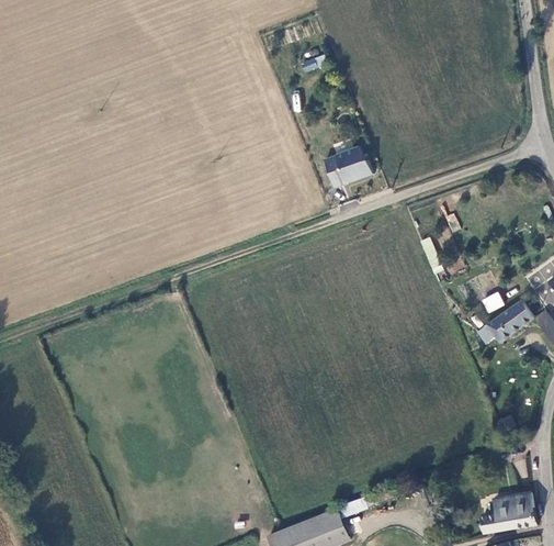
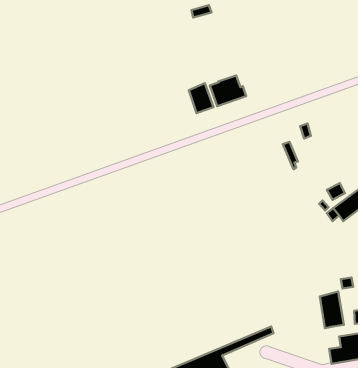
building: none -> [189,83,213,113]
building: none -> [320,291,344,328]

